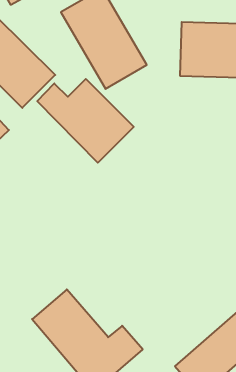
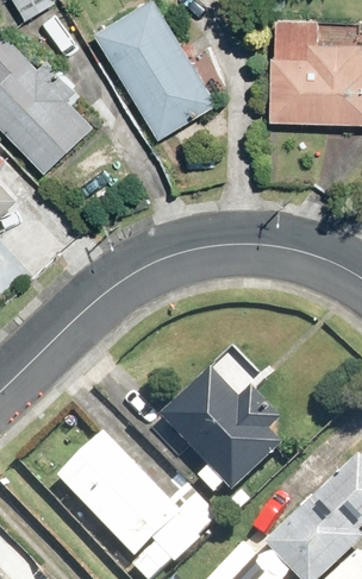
building: [37,79,134,163] -> none
building: none -> [155,366,279,492]

